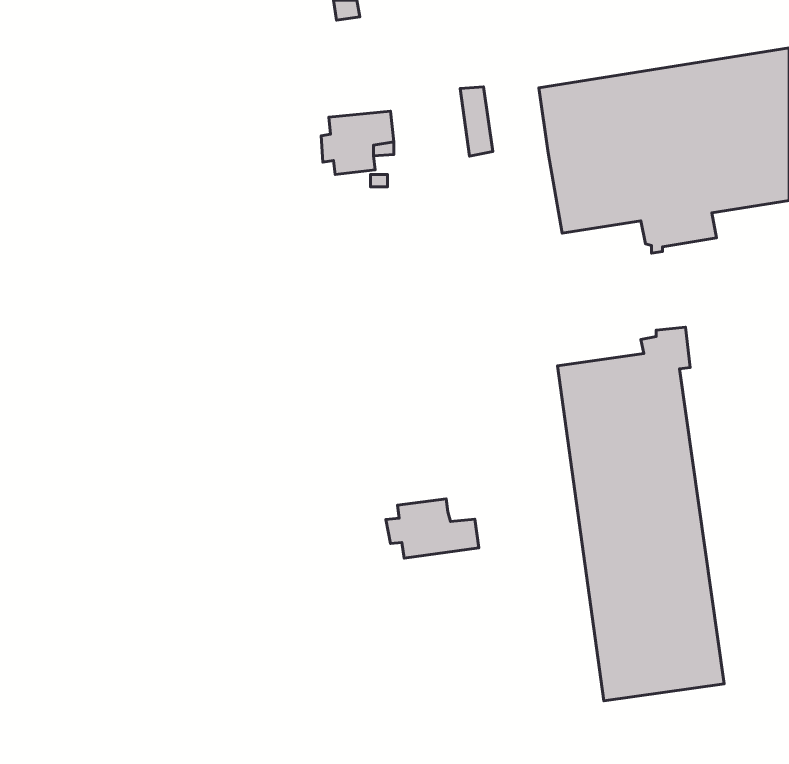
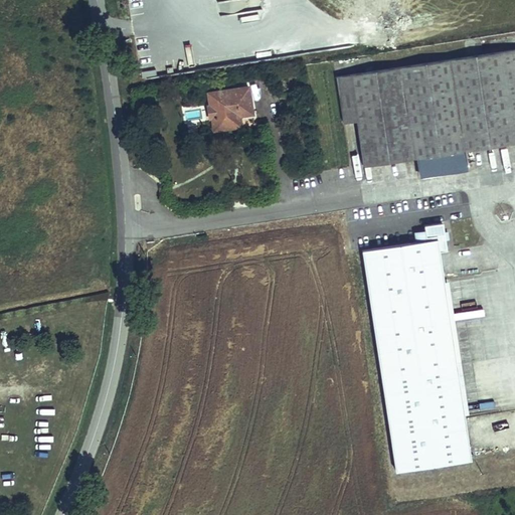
building: [460,87,493,156] -> [336,73,357,119]
building: [386,499,479,558] -> none

